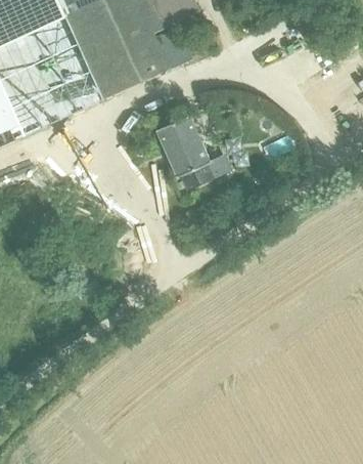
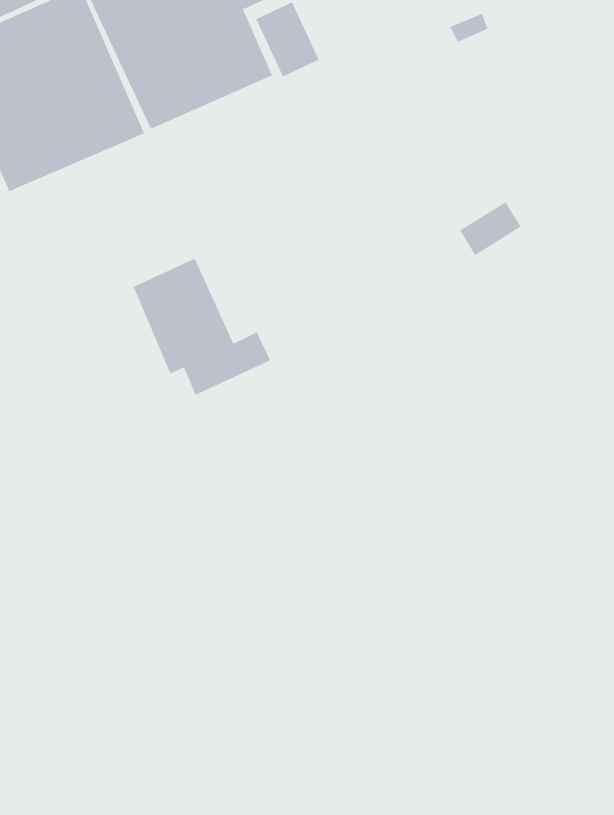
building: [154,116,227,188] -> [133,258,271,395]

